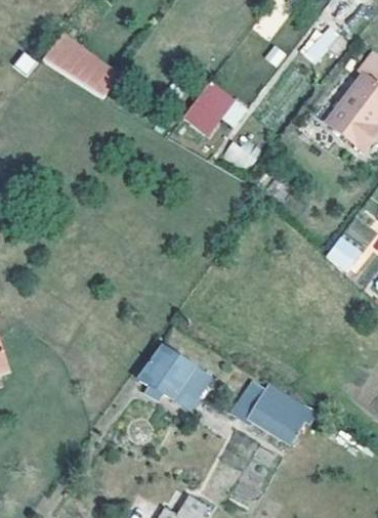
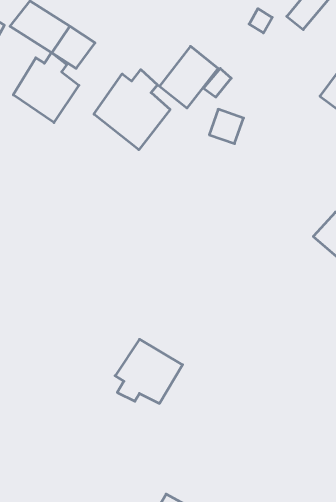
building: none -> [13,53,79,123]
building: none -> [94,70,170,150]
building: [229,384,304,438] -> none

